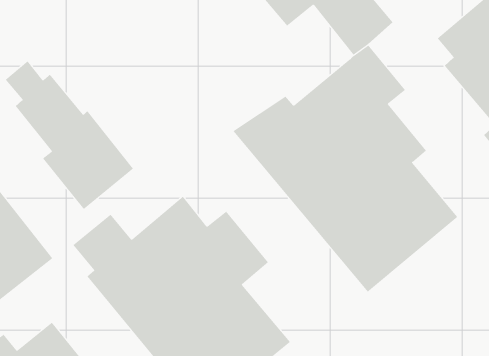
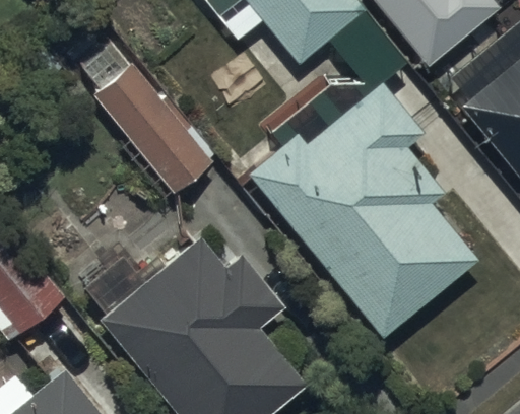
building: [5,61,134,210] -> [84,50,214,200]

